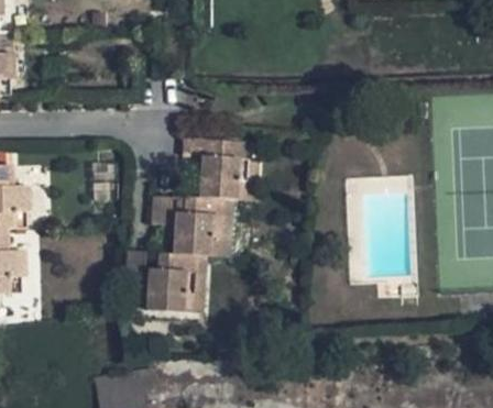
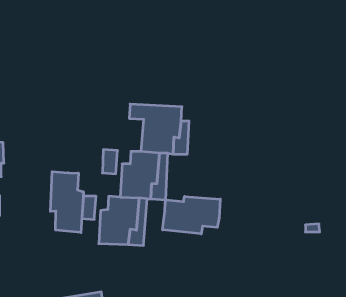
building: none -> [50,172,83,233]
building: none -> [163,196,220,234]

